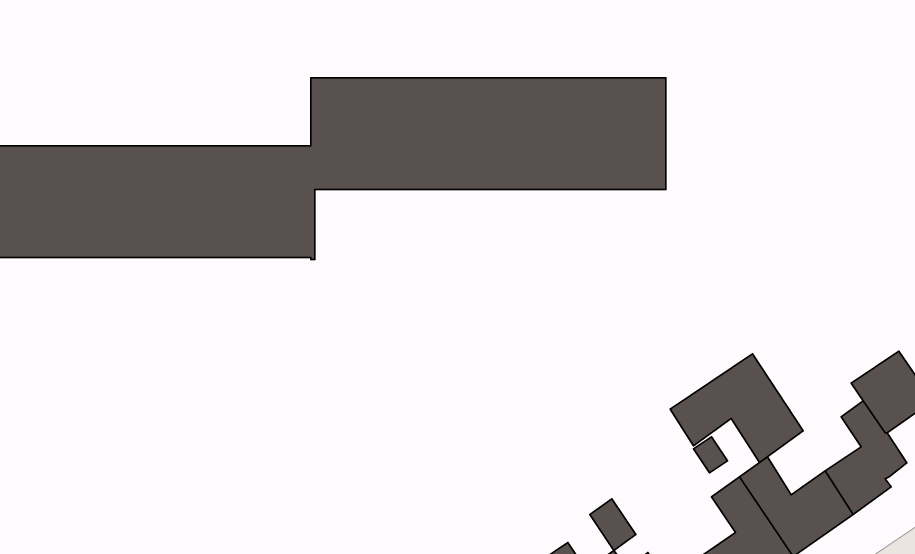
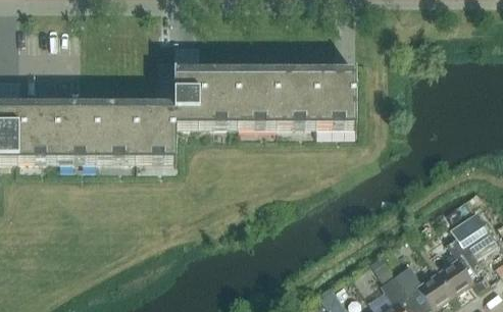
building: [670,354,803,462] -> none

